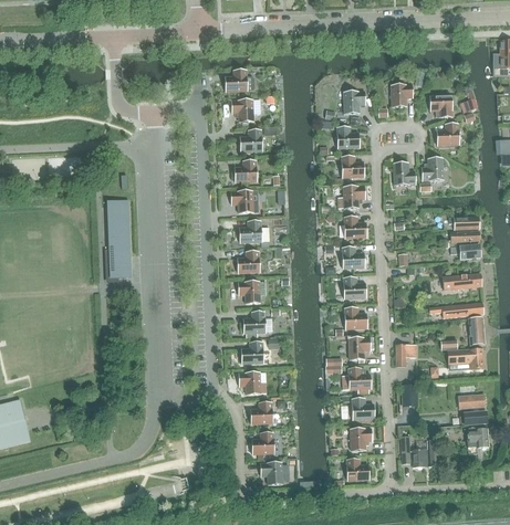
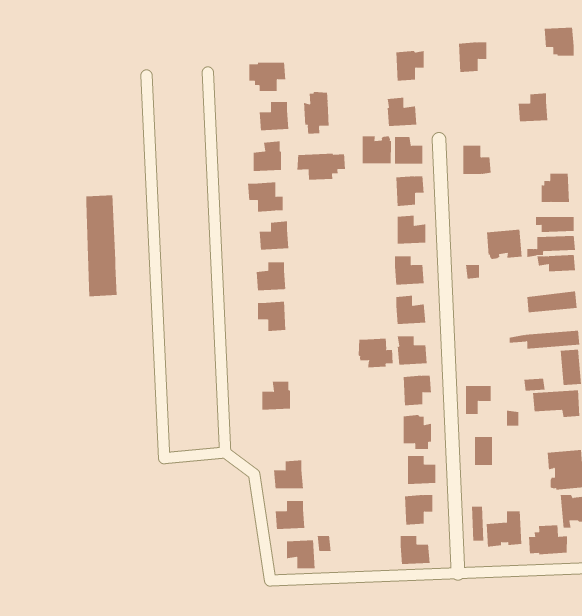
building: [225,70,254,92] -> none
building: [429,95,452,117] -> [544,27,574,56]
building: none -> [304,91,329,134]
building: none -> [362,136,391,164]
building: [421,158,444,180] -> [541,173,570,202]
building: none -> [297,153,345,181]
building: none -> [486,229,522,260]
building: none -> [358,338,393,368]
building: [243,311,266,337] -> none
building: [238,371,267,395] -> none
building: none -> [529,524,568,555]

